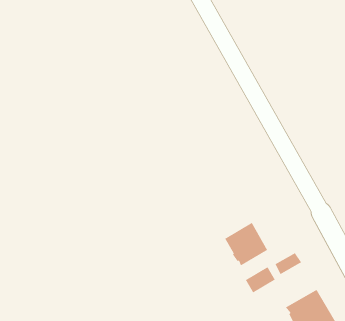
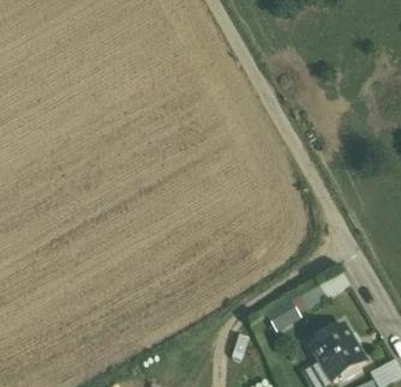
building: [224,222,268,267] -> none

